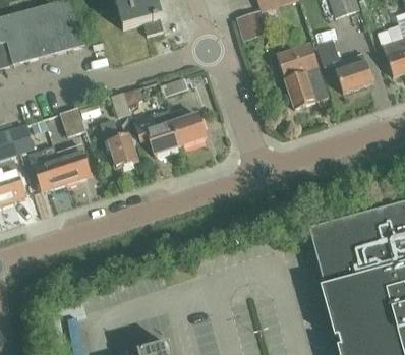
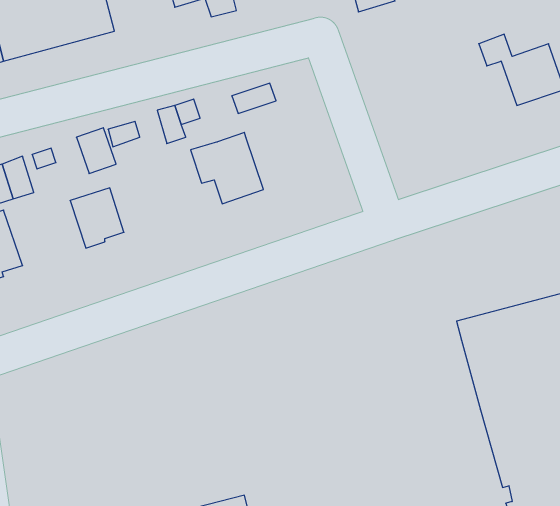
building: [277,41,328,108] -> none
building: [169,107,207,145] -> none
building: [101,119,137,167] -> none
building: [30,147,66,189] -> none

